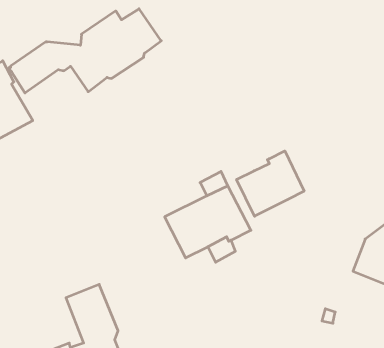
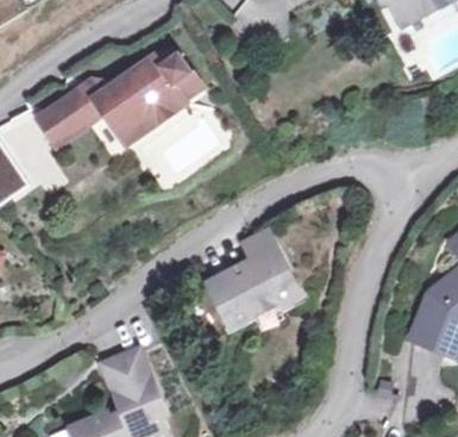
building: [237,151,304,216] -> none

